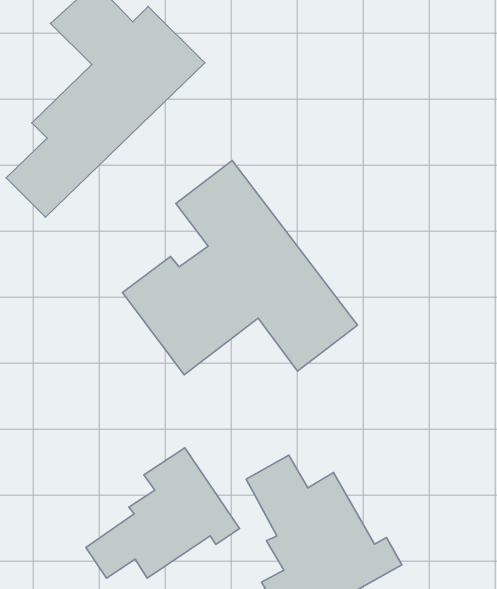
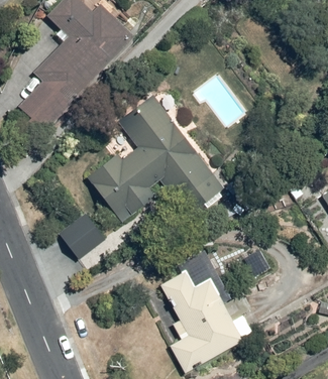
building: none -> [59,212,104,259]
building: [86,448,240,578] -> none

